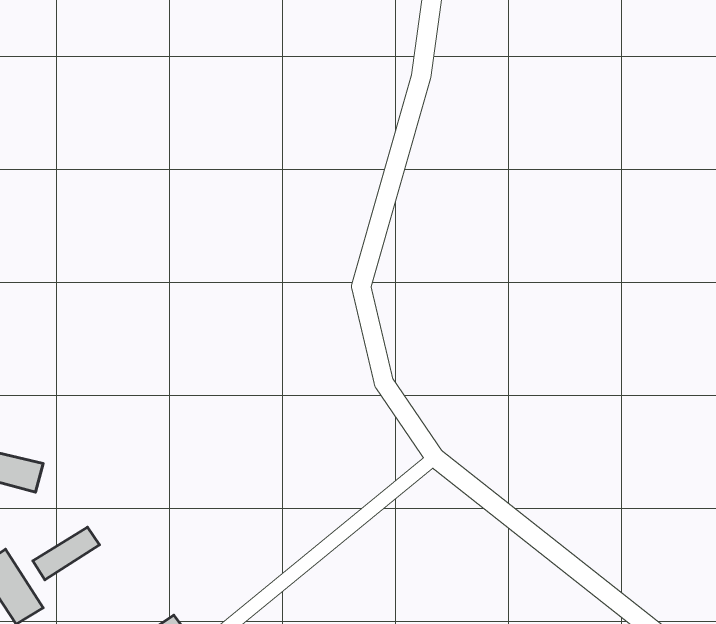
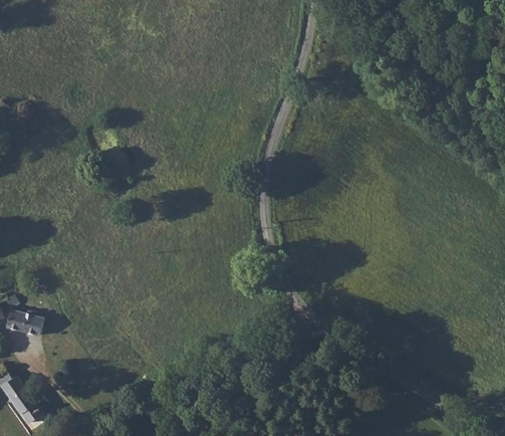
building: [33,527,99,580] -> none

